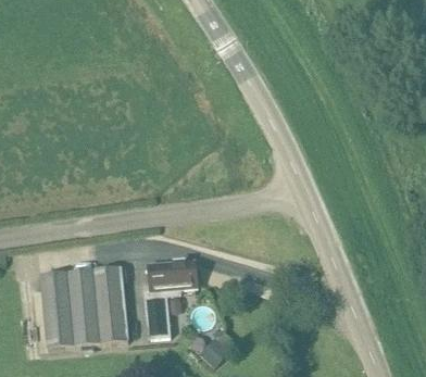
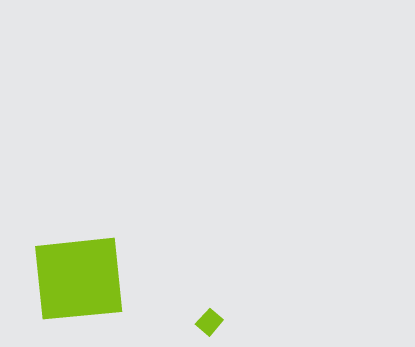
building: [143,260,197,339] -> none

